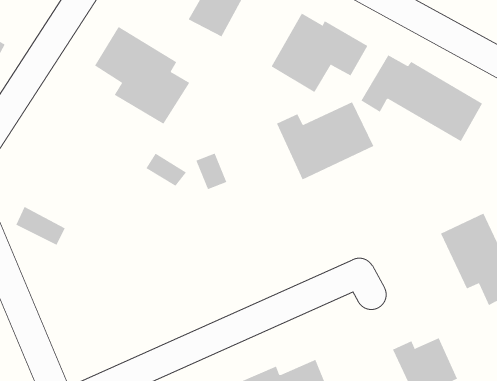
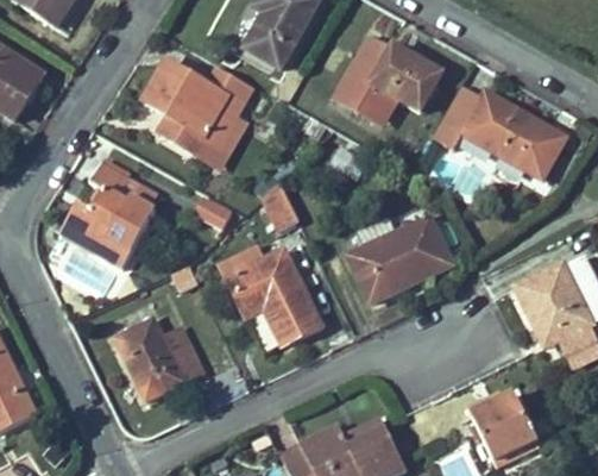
building: [276,101,374,180] -> [345,218,452,303]
building: none -> [69,161,160,270]
building: none -> [228,251,321,346]
building: none -> [111,313,202,400]

